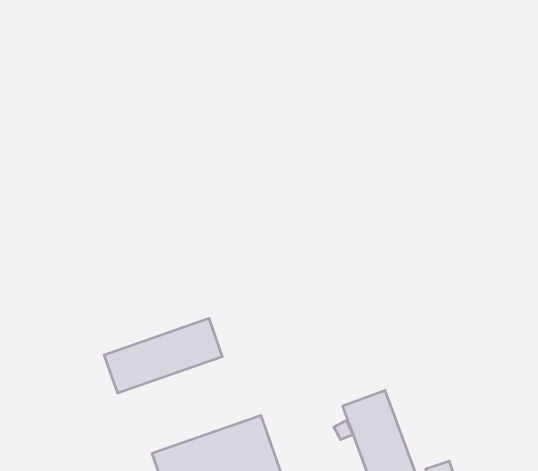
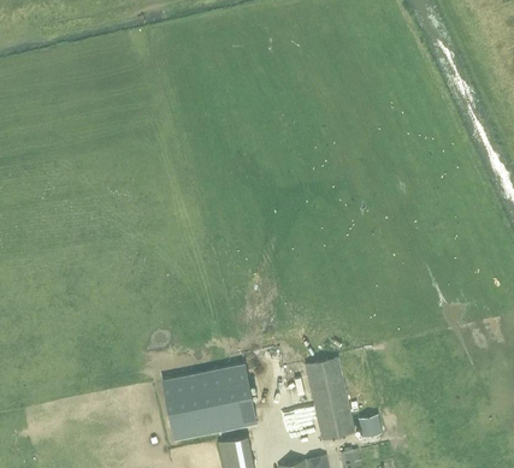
building: [104,318,222,393] -> none

